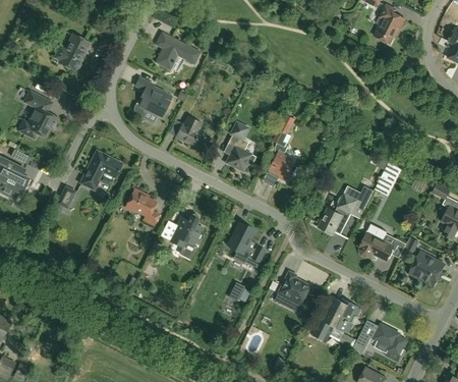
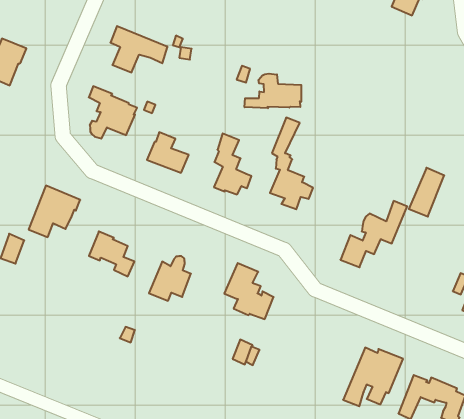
building: none -> [245,74,301,108]
building: [360,223,393,260] -> none
building: [275,271,313,313] -> none

